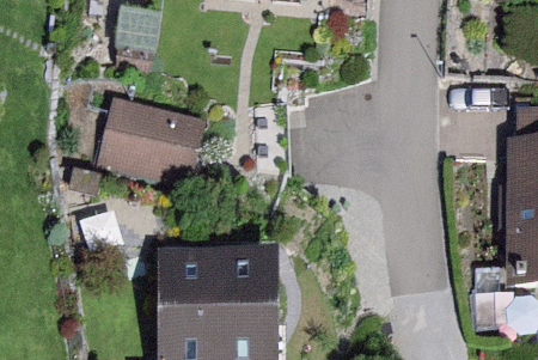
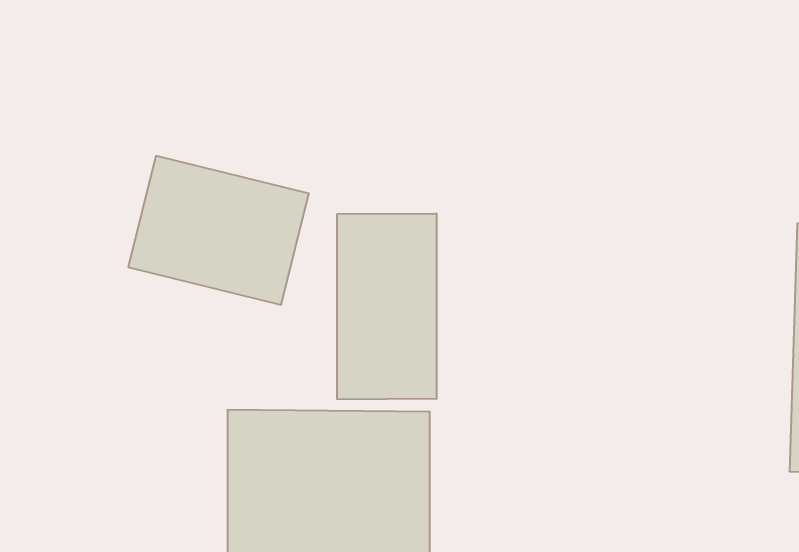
building: none -> [337,213,436,399]

